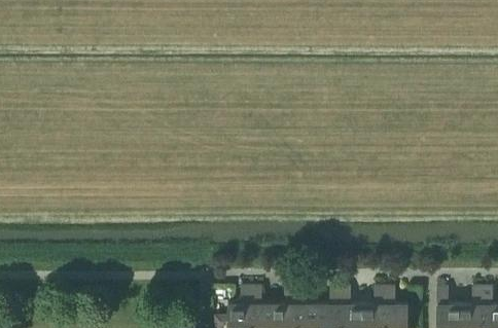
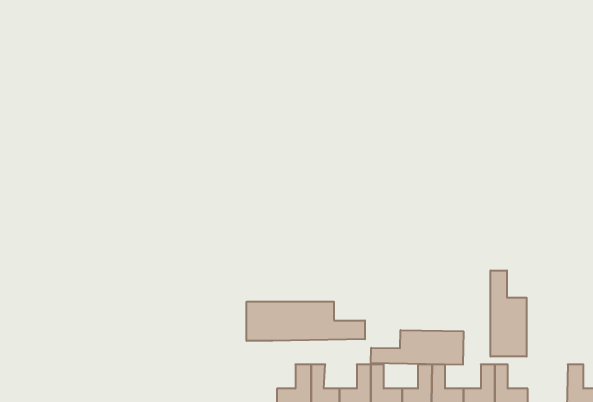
building: none -> [491,270,527,357]
building: none -> [247,302,365,341]
building: none -> [371,330,463,365]

